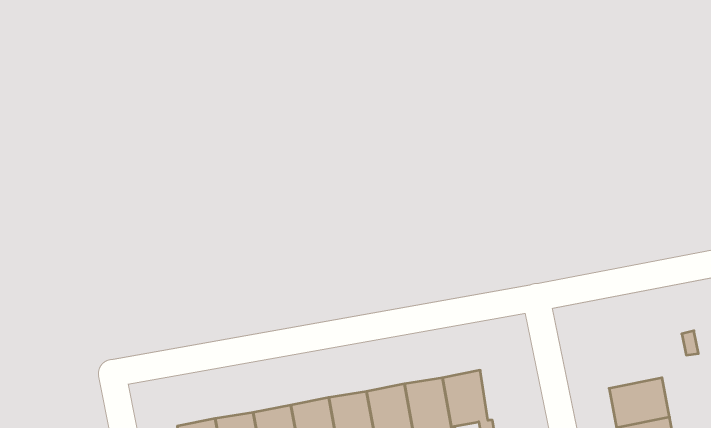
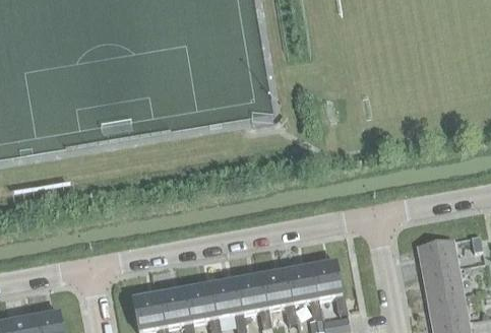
building: none -> [417,239,457,272]

